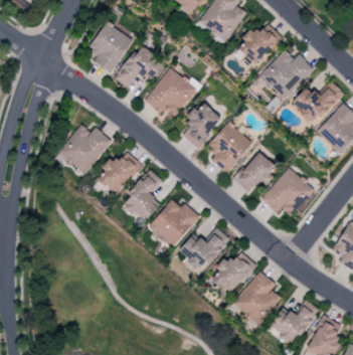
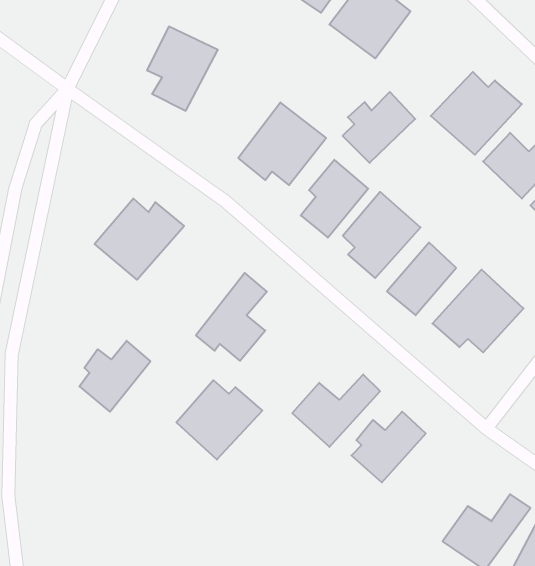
building: [239,22,283,64] -> [343,92,415,163]
building: [115,44,164,88] -> none
building: [99,152,141,194] -> [79,341,150,412]
building: [150,199,201,246] -> [176,380,262,460]
building: [231,272,283,326] -> none

